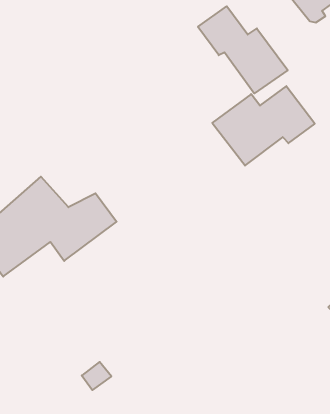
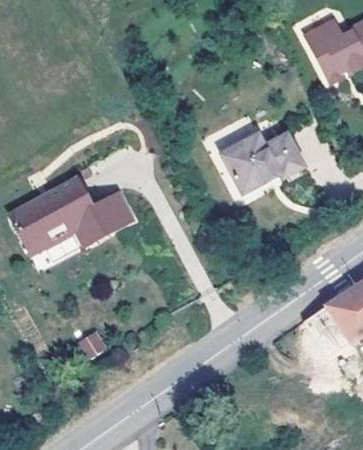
building: [198,6,288,93] -> none

